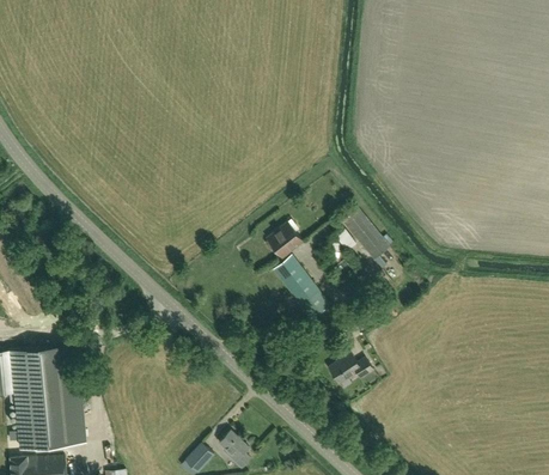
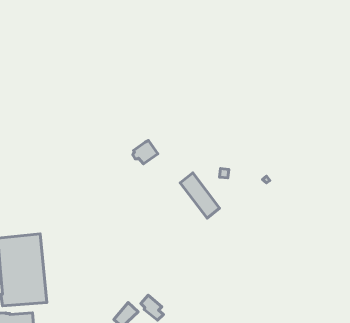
building: [341,207,389,260] -> none
building: [266,224,301,257] -> [133,140,158,164]
building: [328,353,372,383] -> none

